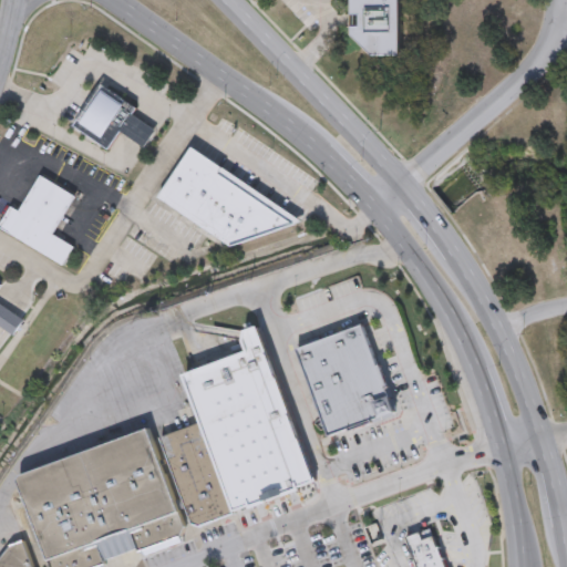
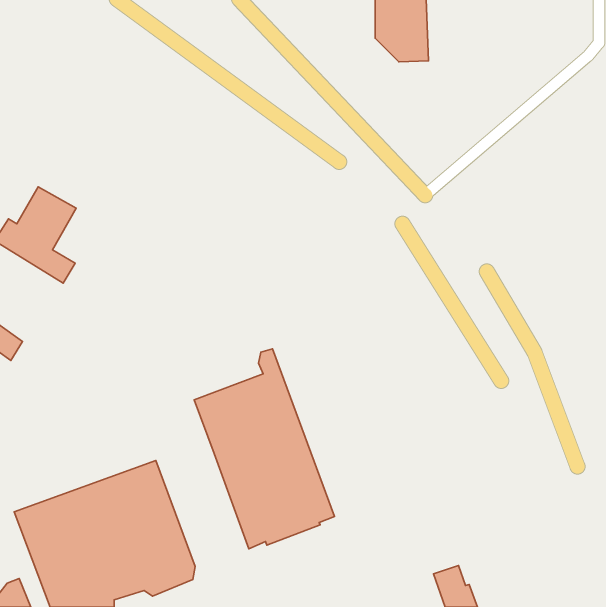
building: [70,81,153,148] -> none
building: [156,147,301,247] -> none
building: [293,323,393,434] -> none
building: [159,422,231,523] -> none

